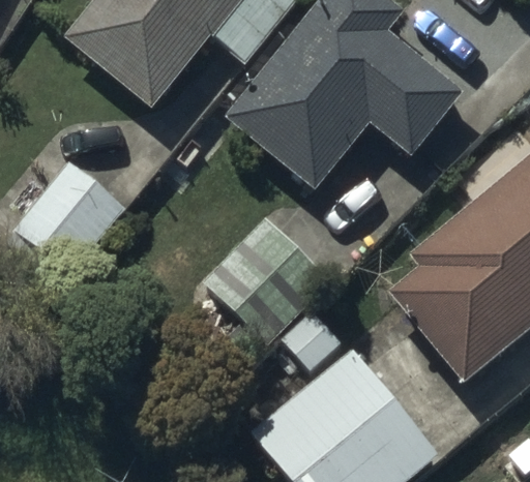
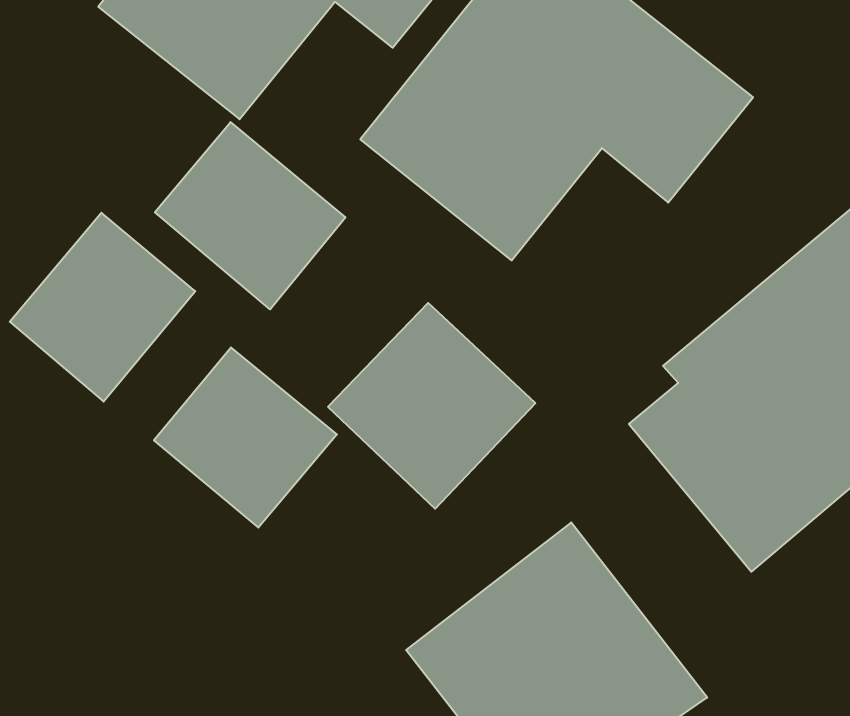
building: none -> [155,122,345,309]
building: none -> [154,347,337,528]

